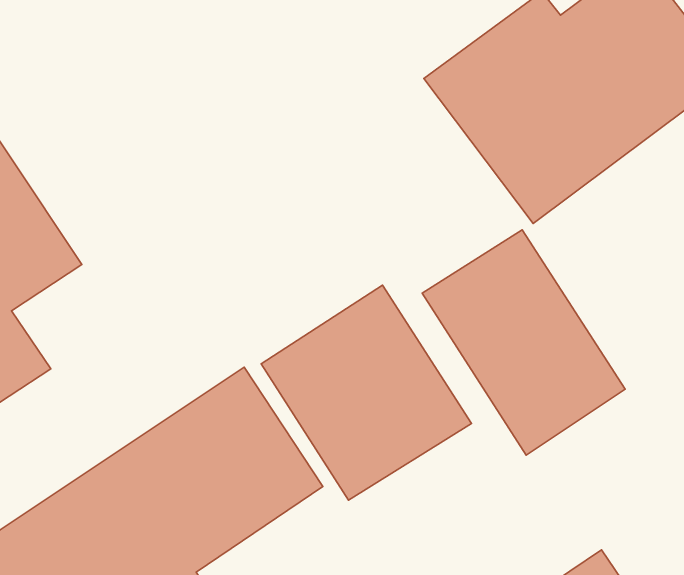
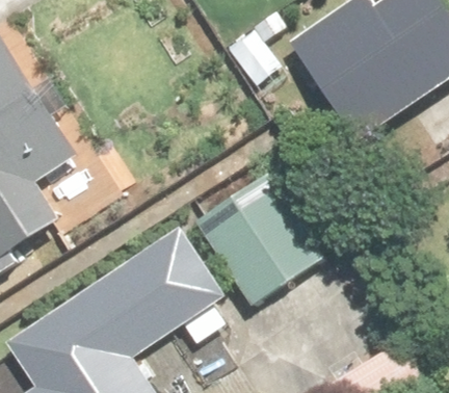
building: [422,230,625,455] -> none

